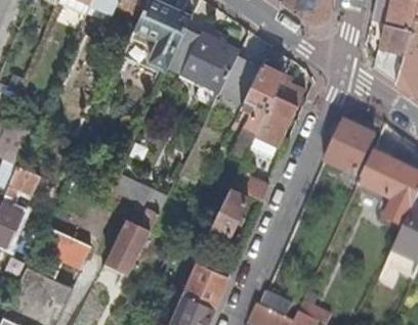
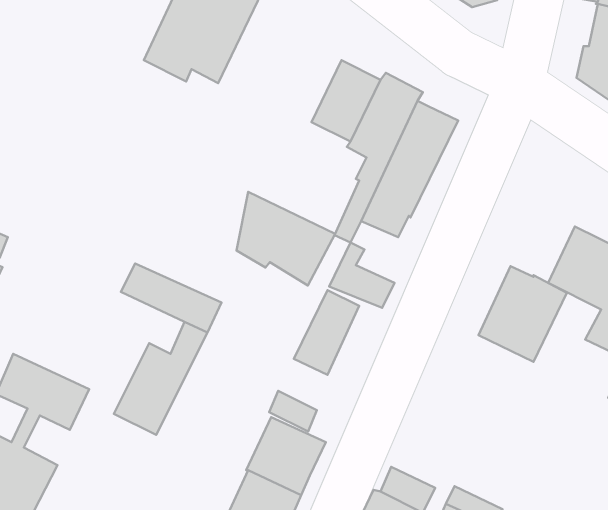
building: [180,32,240,92] -> none
building: [324,122,375,177] -> [479,266,567,362]
building: none -> [236,192,335,286]

